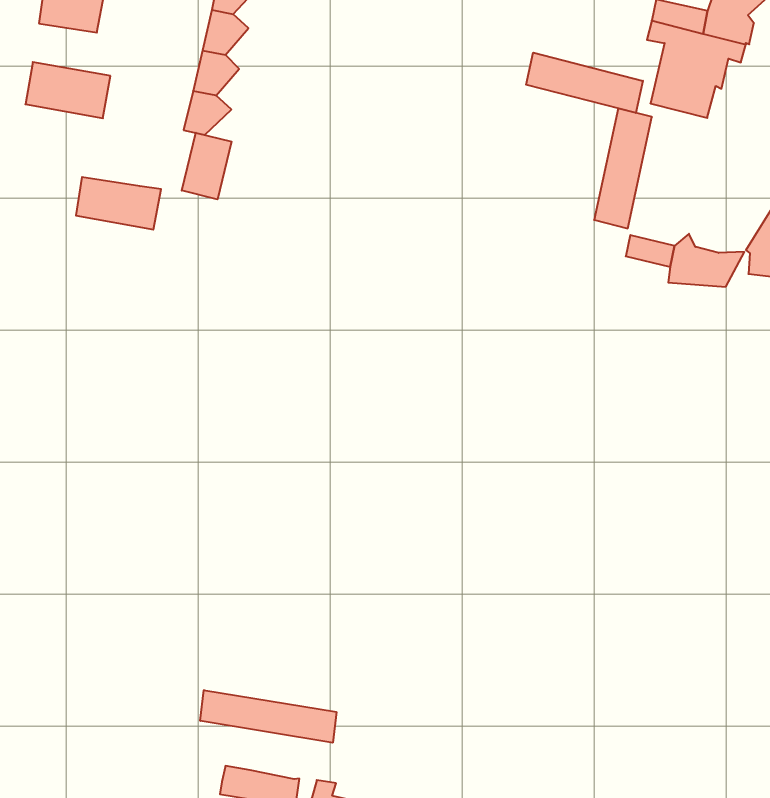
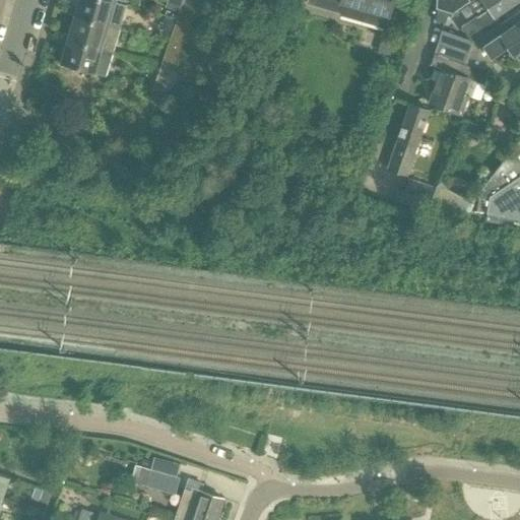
building: [526,53,643,113] -> none
building: [182,133,232,199] -> none
building: [76,177,161,230] -> [68,16,120,52]
building: [200,690,336,743] -> none

